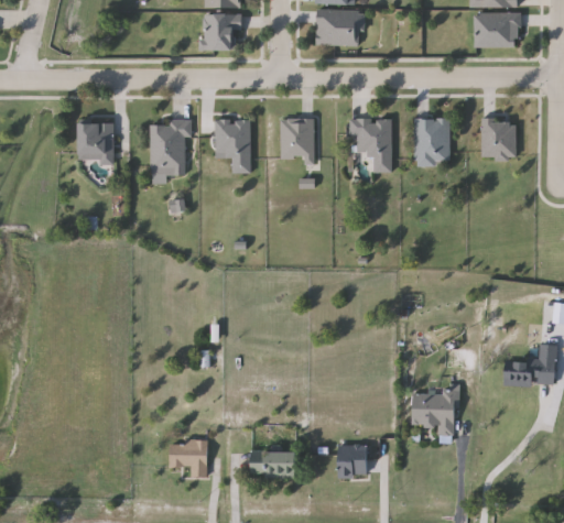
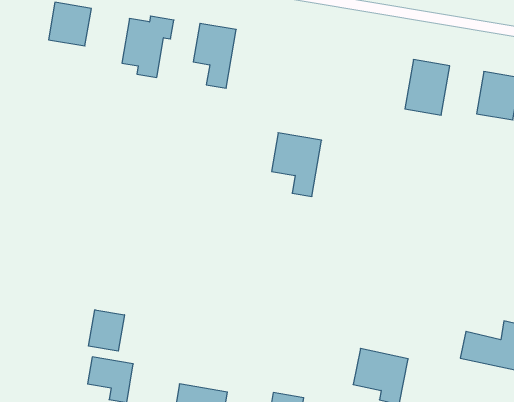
building: [280,119,313,160] -> none
building: [350,119,391,172] -> [272,133,322,196]
building: none -> [89,310,124,351]

